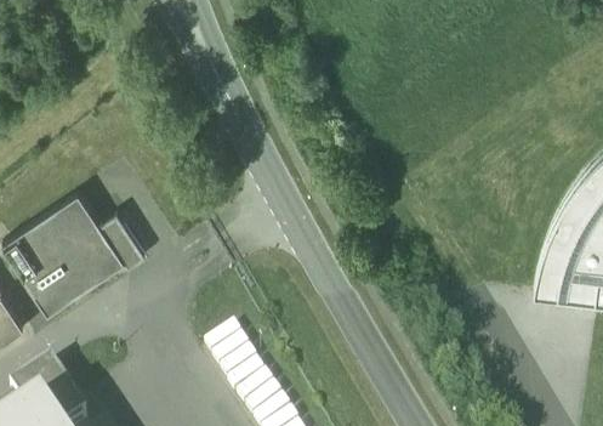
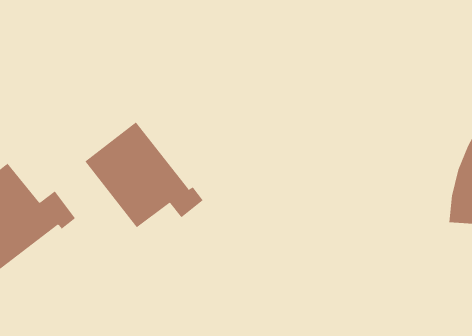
building: none -> [85,122,203,228]

